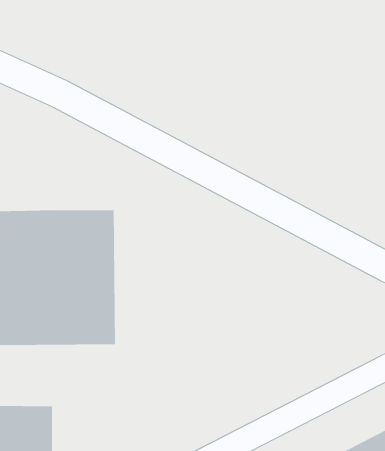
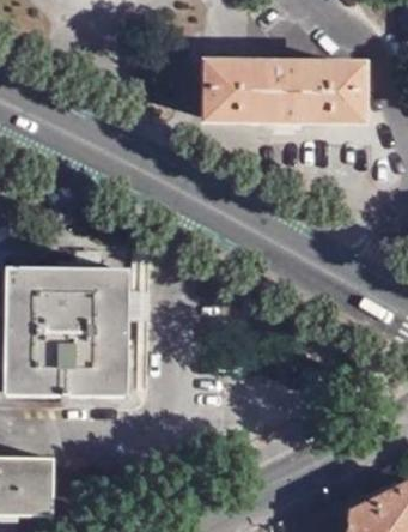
building: none -> [208,64,363,121]

